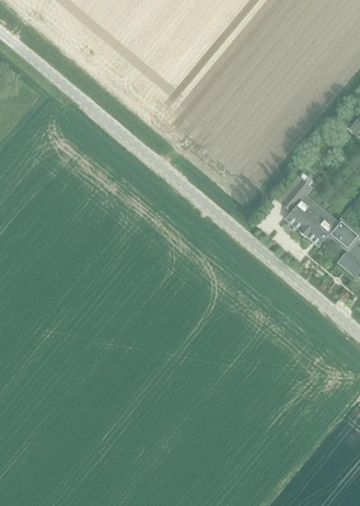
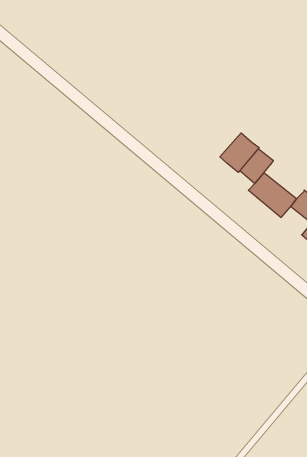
building: none -> [220,133,259,172]

